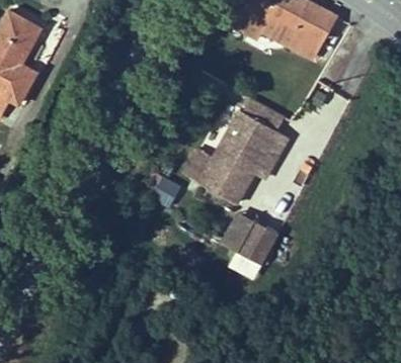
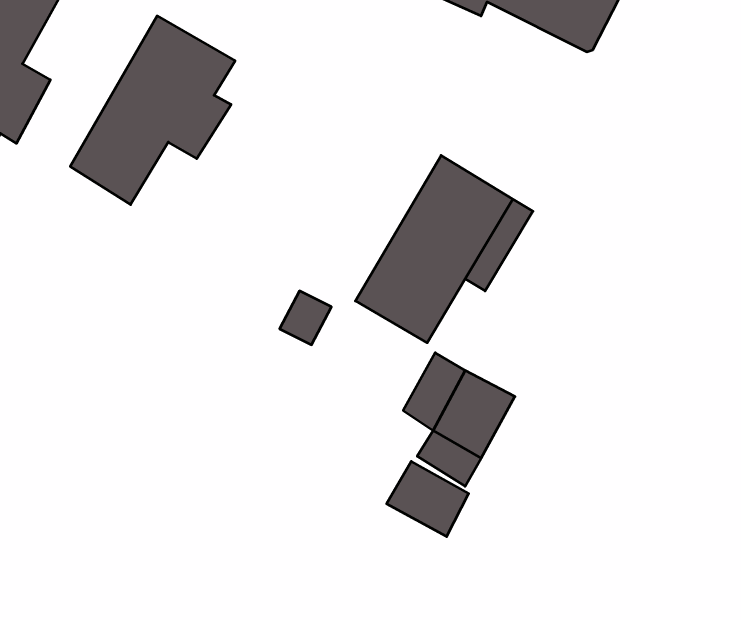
building: none -> [70,16,235,205]
building: none -> [387,461,469,537]

